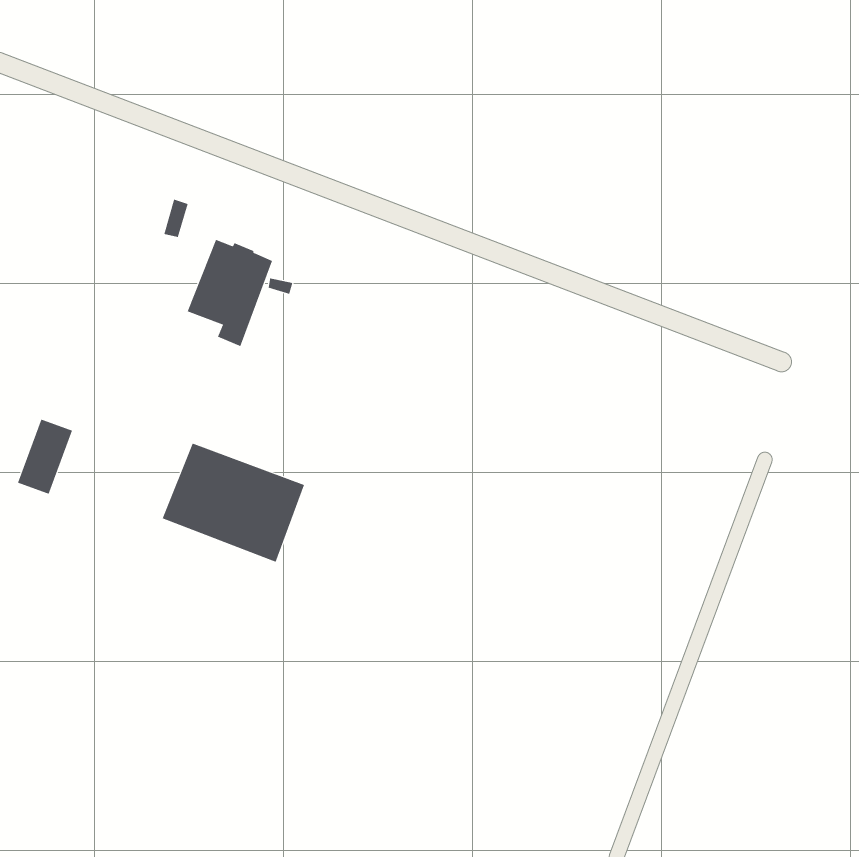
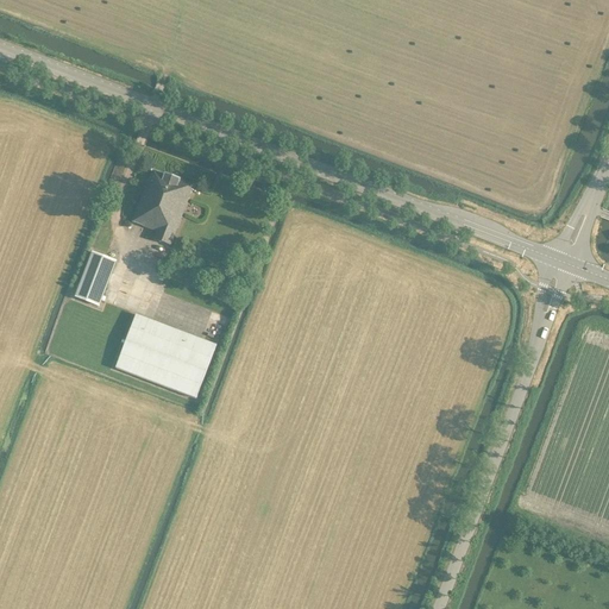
building: [17,419,73,495] -> [75,251,114,304]

